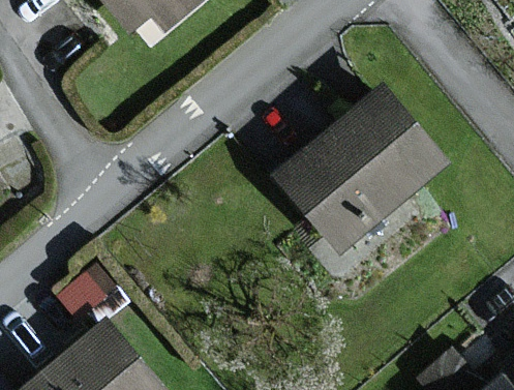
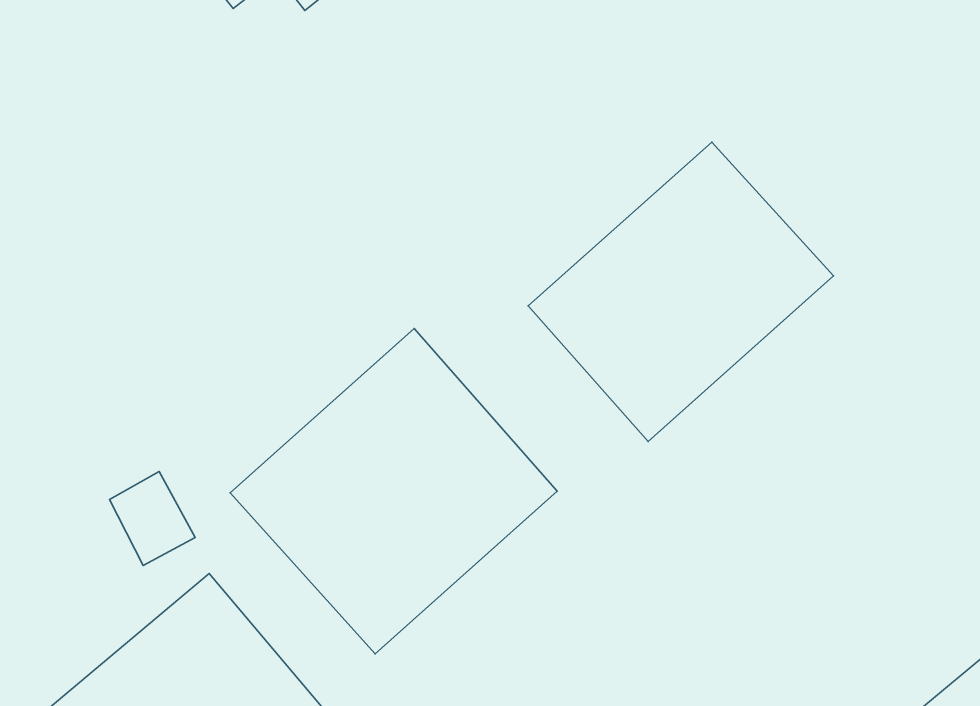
building: none -> [230,328,557,654]

